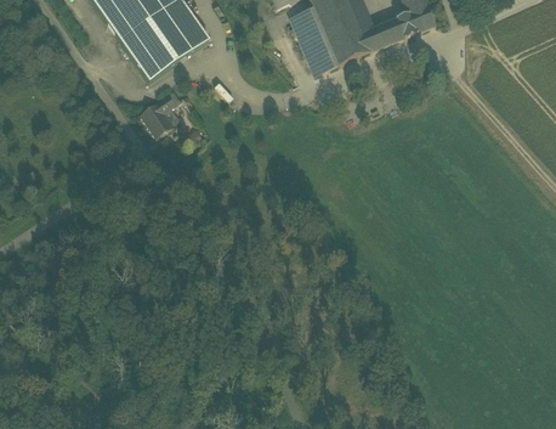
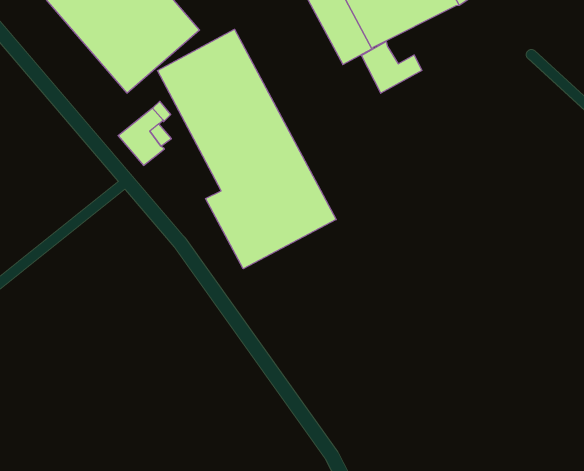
building: none -> [157,29,336,269]
building: none -> [361,42,422,93]

